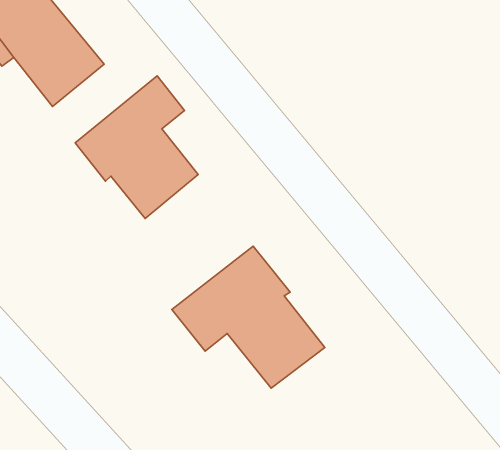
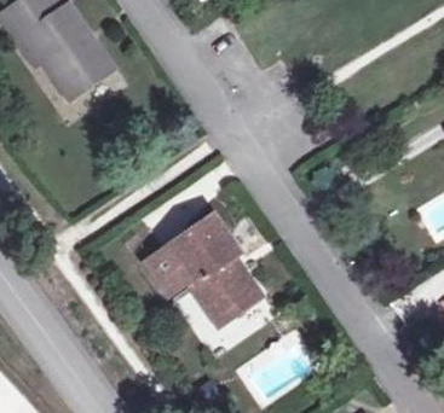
building: [75,76,198,219] -> none

